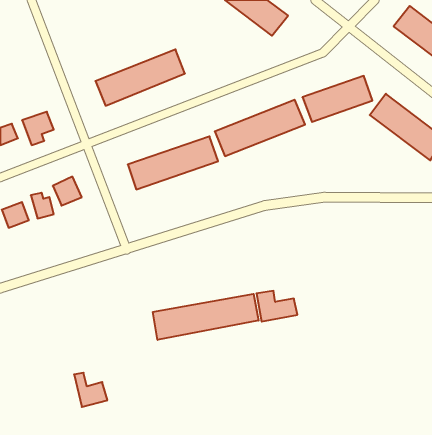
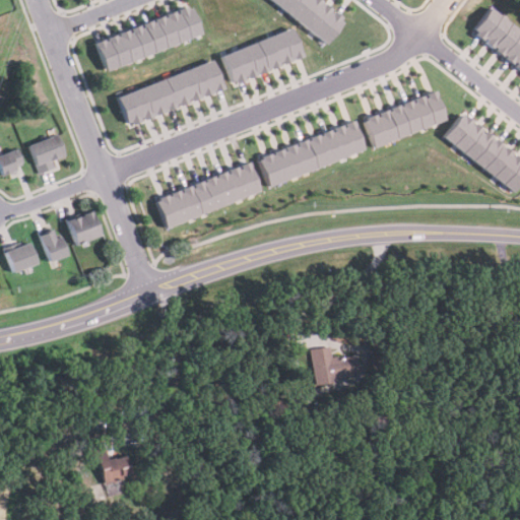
building: none -> [96,5,204,71]
building: none -> [221,28,305,84]
building: [153,294,259,340] -> none

